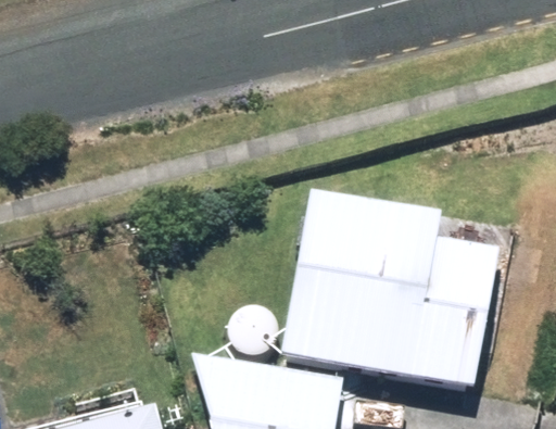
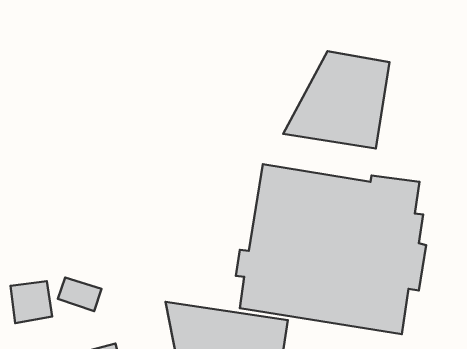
building: none -> [283,51,390,149]

